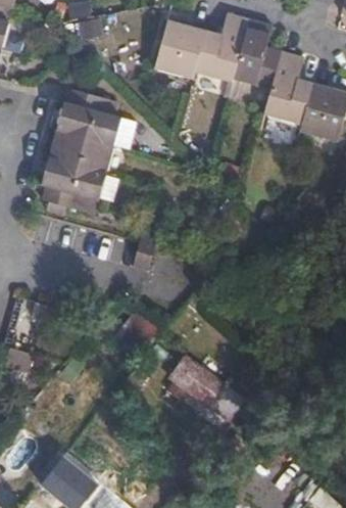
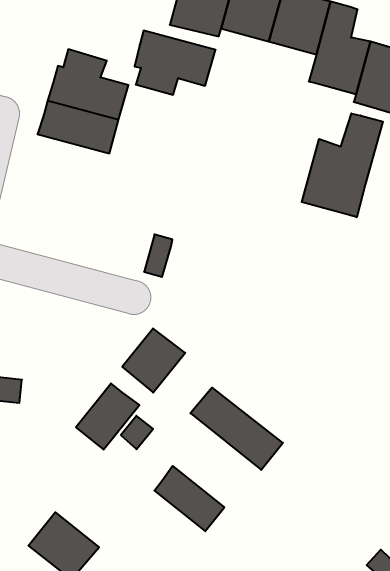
building: none -> [302,113,383,217]
building: [42,156,106,207] -> [135,31,216,95]
building: none -> [76,383,139,450]
building: none -> [154,466,224,531]

